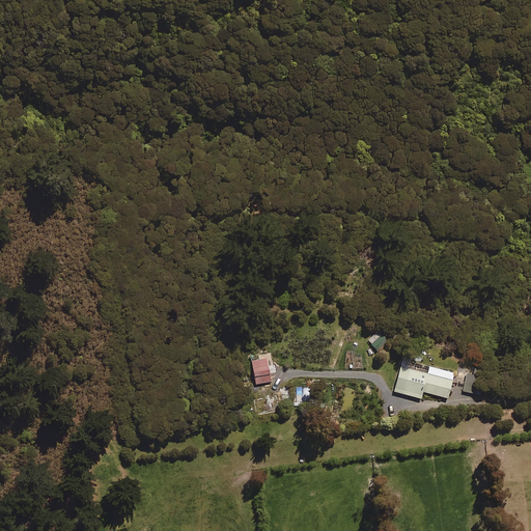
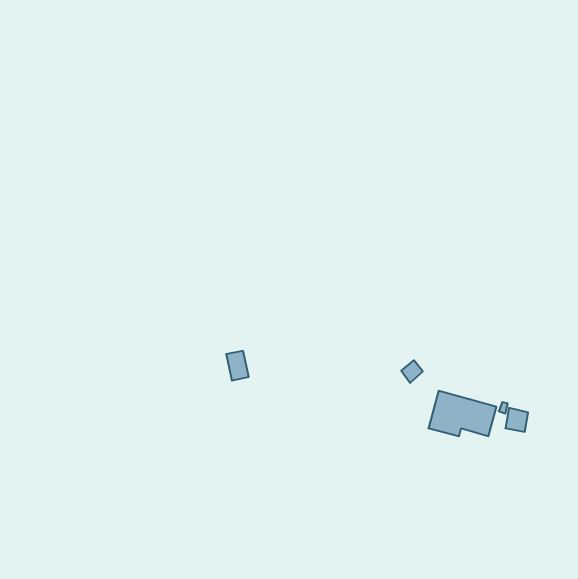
building: [251,358,272,385] -> [226,351,249,380]

